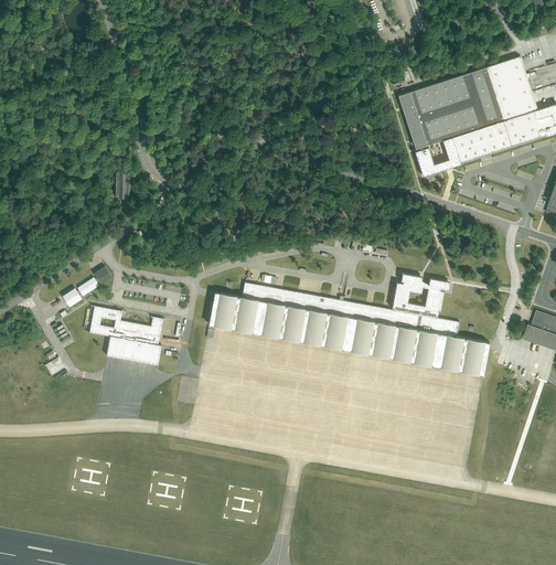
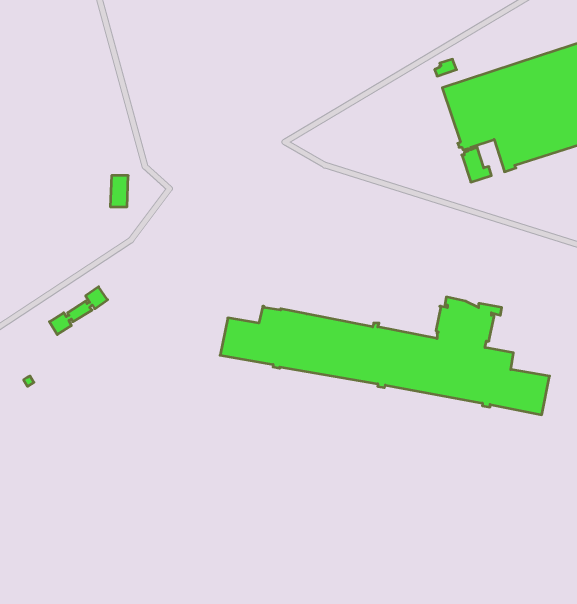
building: [89,306,163,365] -> none

